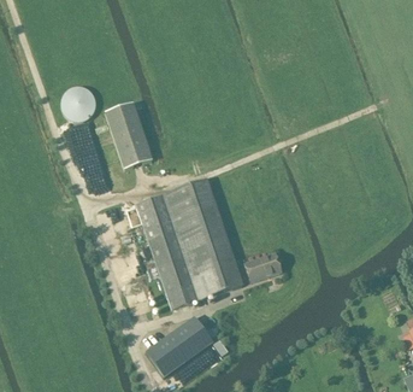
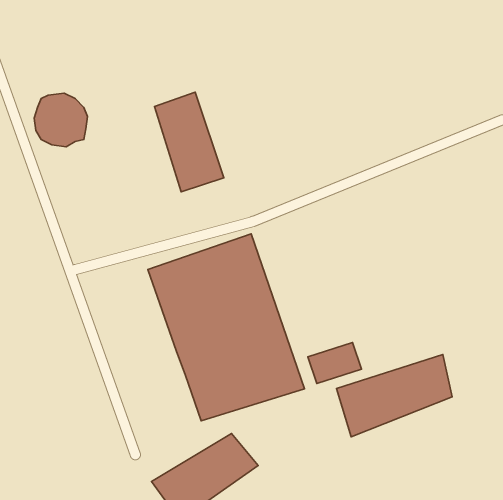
building: [105,101,152,169] -> [154,92,224,192]
building: none -> [337,355,452,437]

